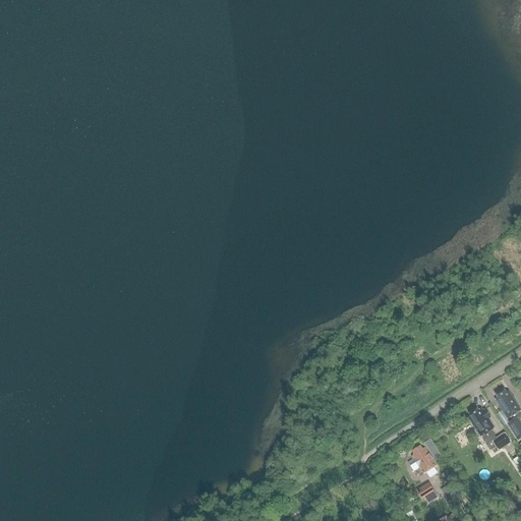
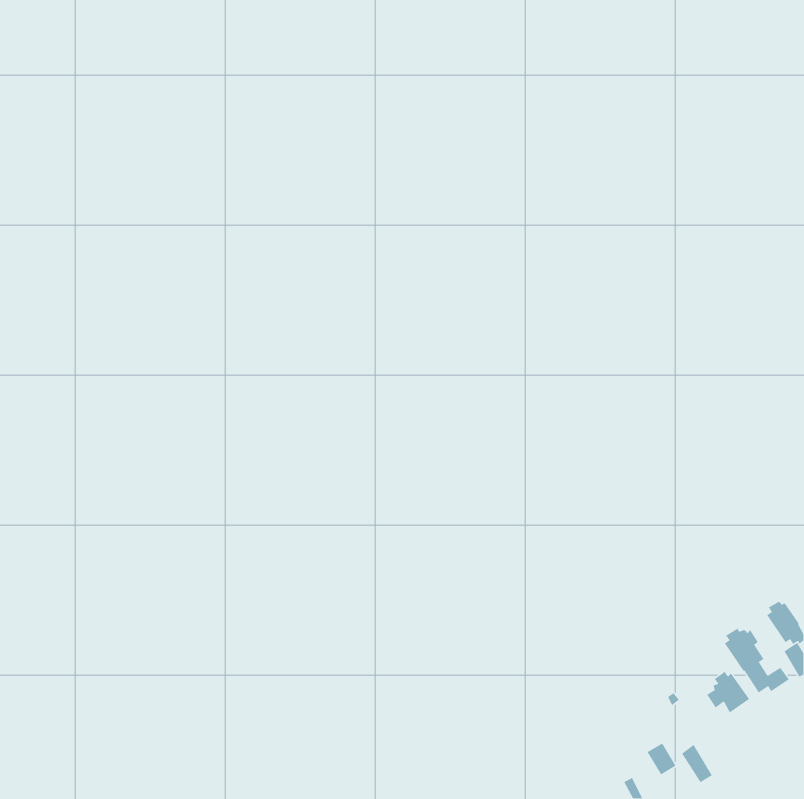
building: [408,445,437,472] -> [706,671,750,713]

